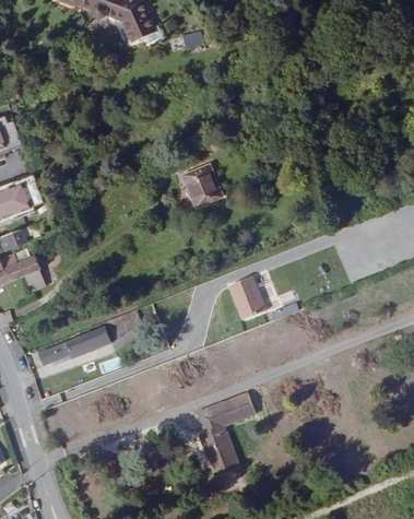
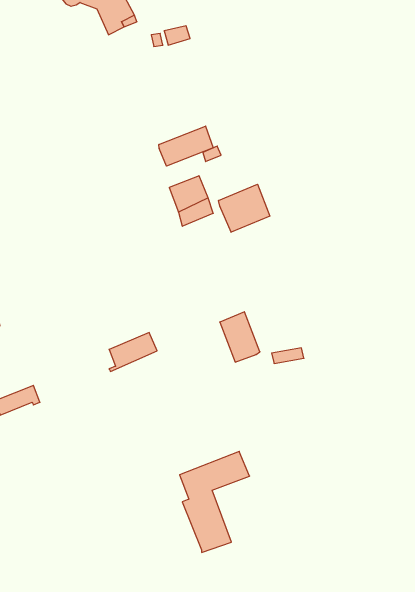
building: none -> [159,126,213,166]
building: none -> [219,184,270,232]
building: [70,323,110,356] -> [109,333,157,371]

